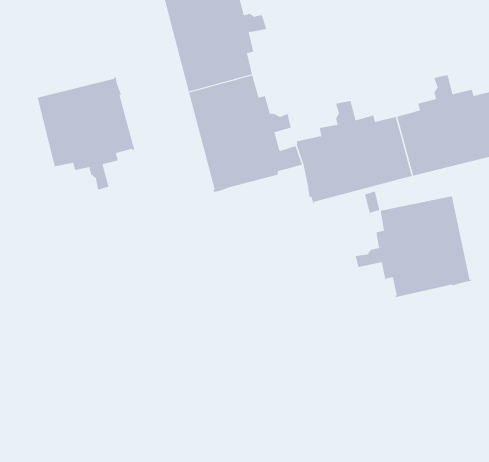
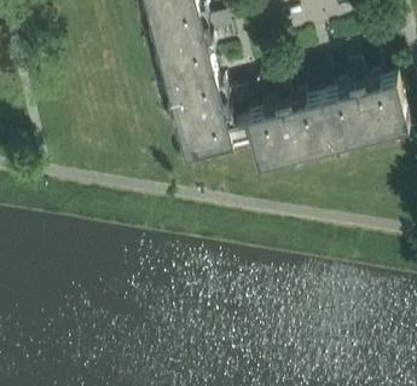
building: [37,76,135,190] -> none
building: [355,195,472,298] -> none

